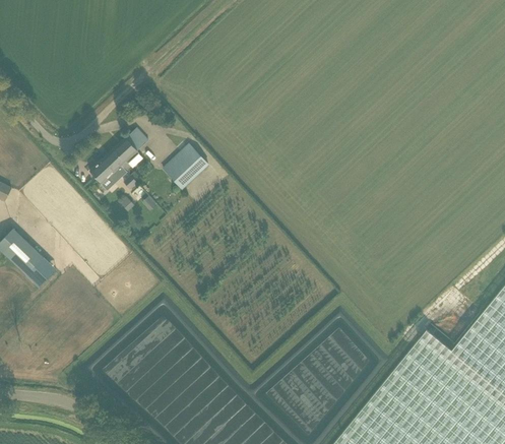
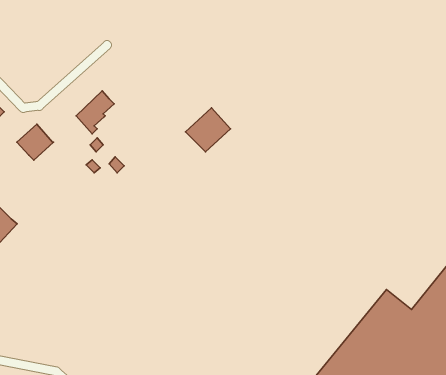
building: [164,144,209,189] -> [186,108,230,152]
building: [90,153,128,190] -> [17,124,54,160]

